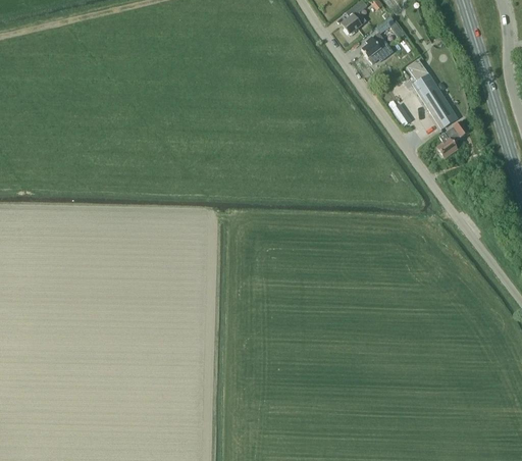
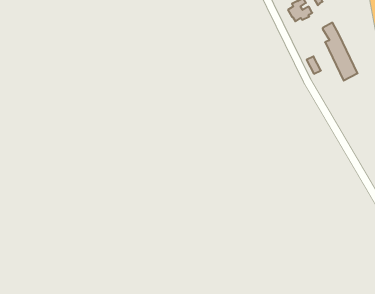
building: [436,119,469,158] -> none

